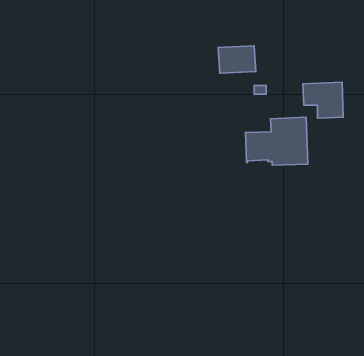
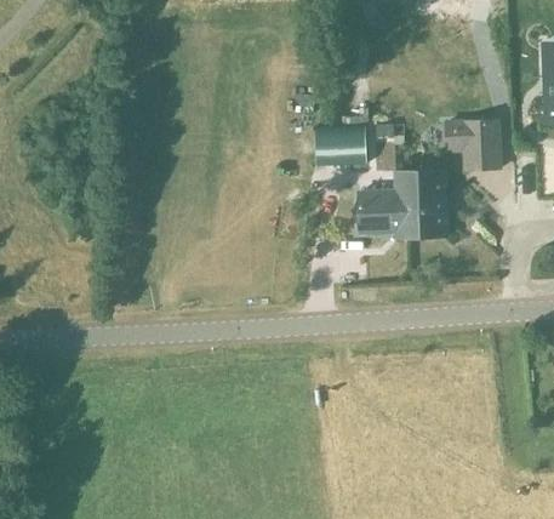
building: [218,46,256,73] -> [312,126,365,165]

